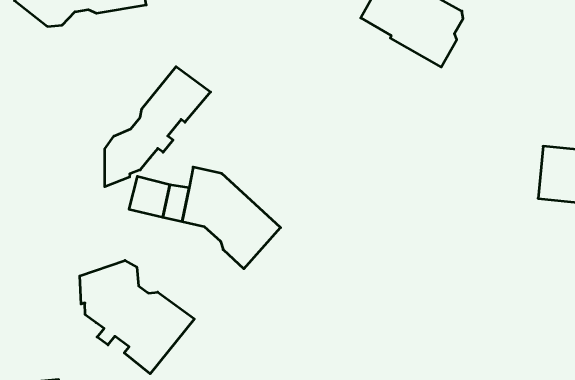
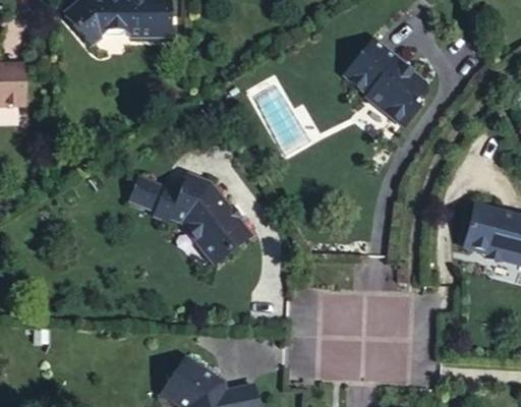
building: [105,67,211,187] -> none
building: [80,260,194,374] -> none

